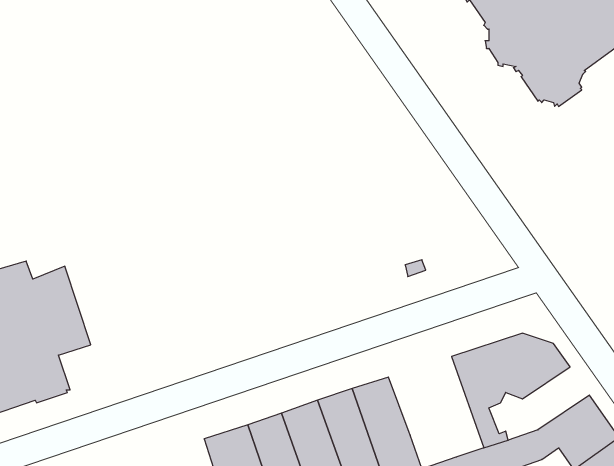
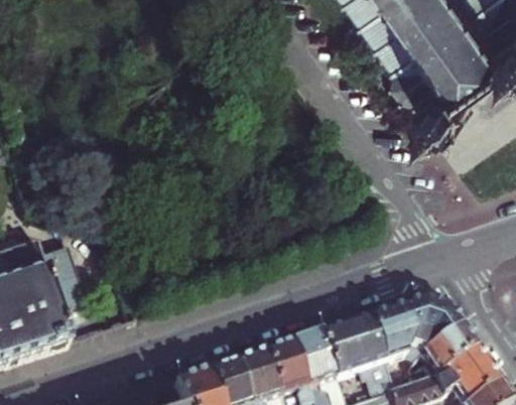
building: none -> [307,317,382,396]
building: none -> [399,325,465,383]

